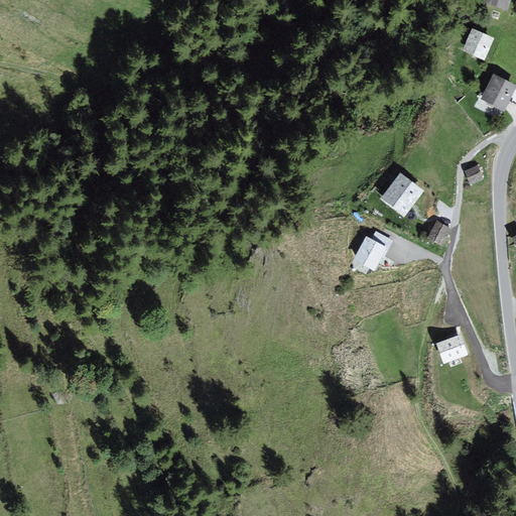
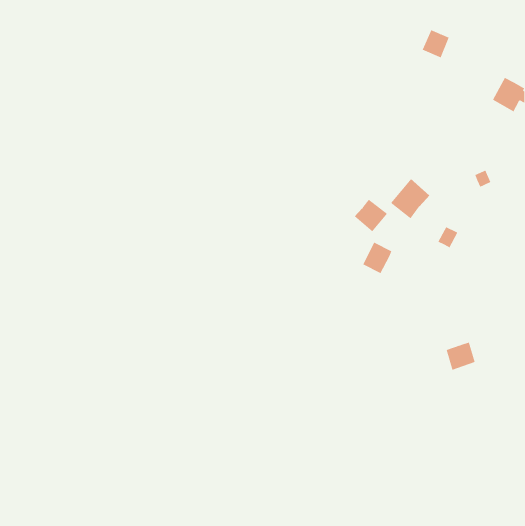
building: [464,29,491,57] -> [422,29,449,58]
building: none -> [354,199,388,232]

